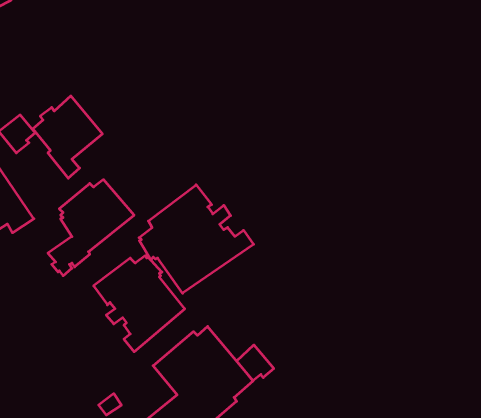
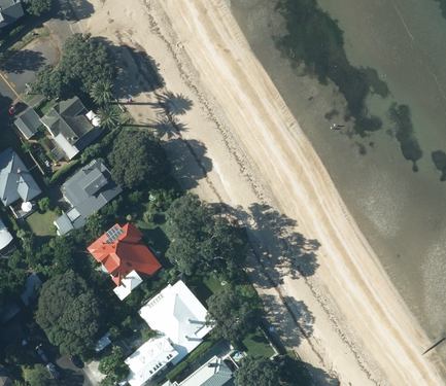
building: [139,185,254,293] -> none
building: [237,345,274,381] -> none

